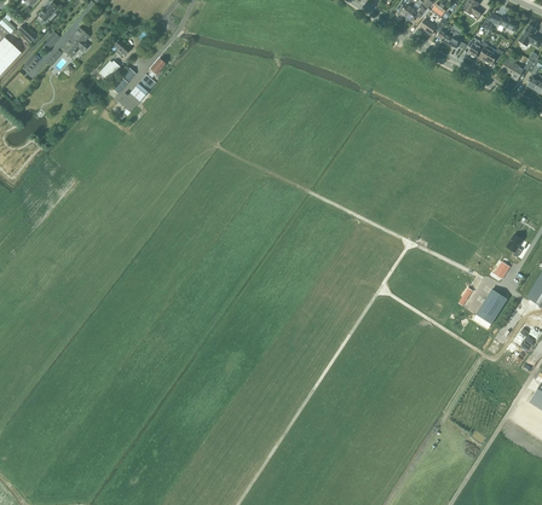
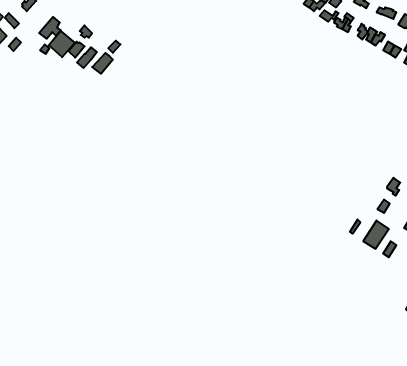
building: none -> [49,31,75,57]

